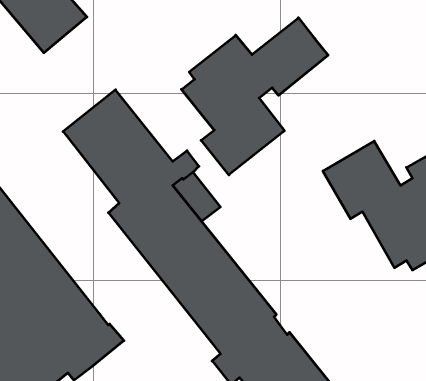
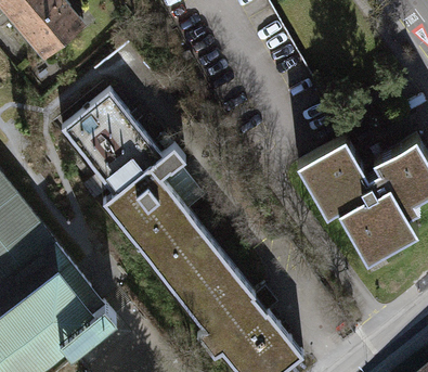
building: [181,18,328,175] -> none

